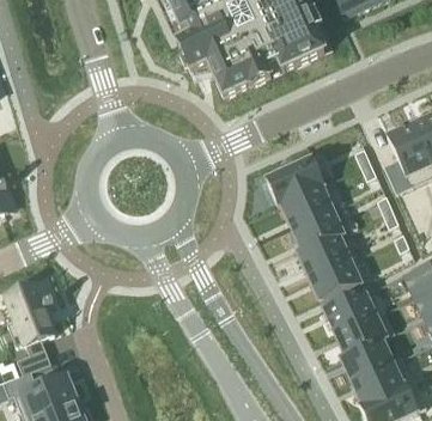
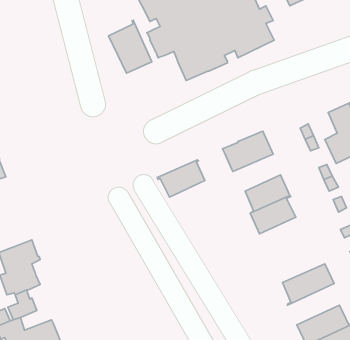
building: none -> [108,20,152,73]
building: [276,181,331,224] -> [157,160,205,197]
building: [308,254,360,298] -> none
building: [322,286,383,329] -> none
building: [340,330,400,378] -> none

